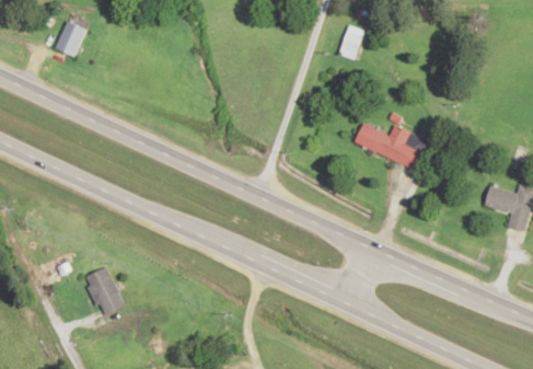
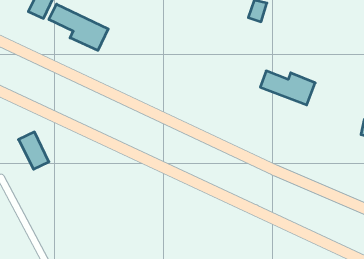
building: none -> [49,4,108,50]
building: [85,267,125,315] -> [18,132,49,169]

